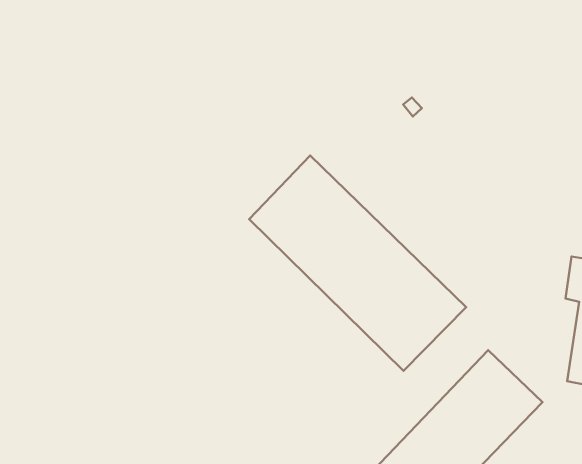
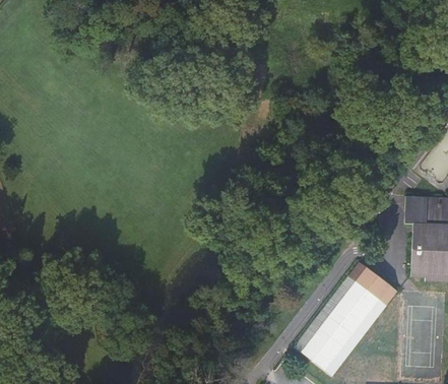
building: [249,156,466,371] -> none

